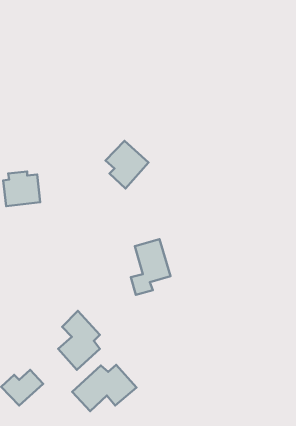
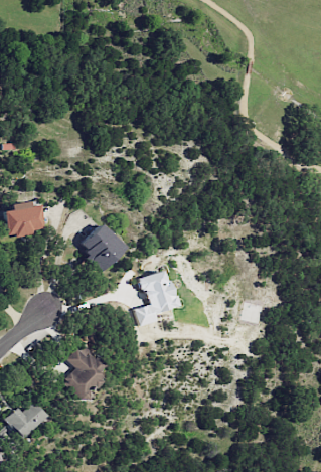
building: [106,141,148,189] -> [82,223,125,272]
building: [72,365,137,411] -> none

